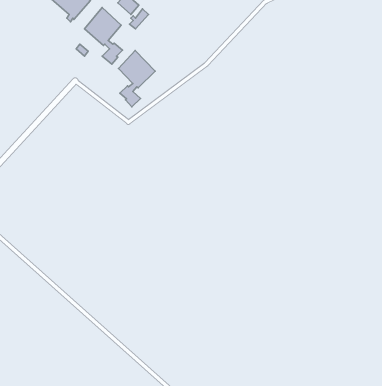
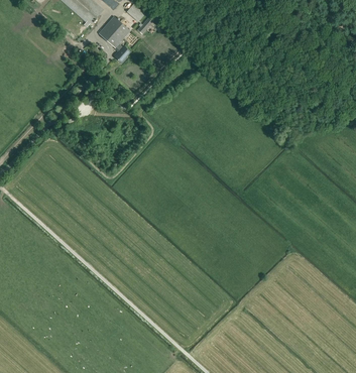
building: [118,51,155,107] -> none

